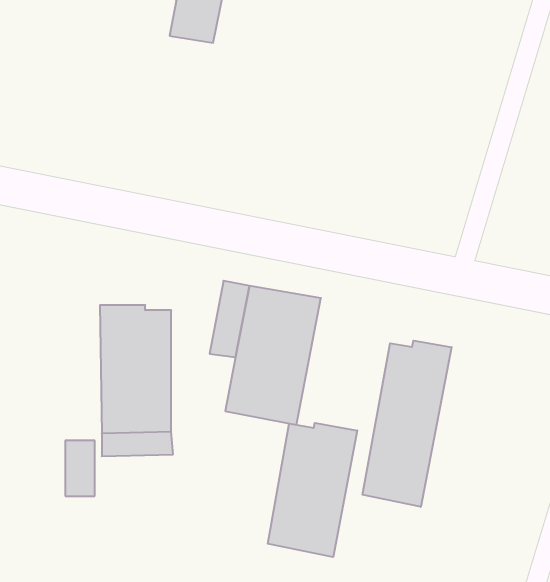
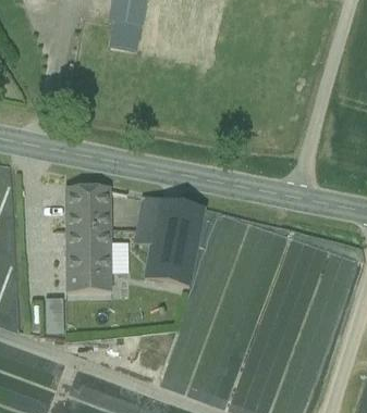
building: none -> [66,182,111,210]
building: [363,341,452,507] -> none
building: [268,423,357,557] -> none

